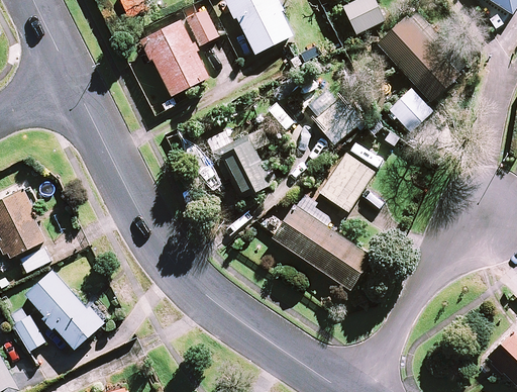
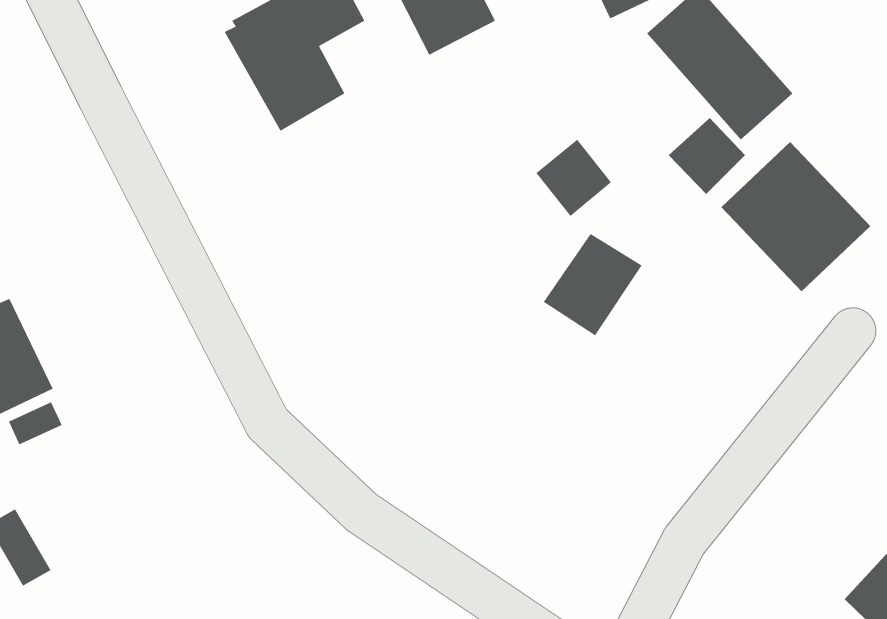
building: none -> [720,141,871,292]
building: [214,128,271,196] -> none
building: [273,205,371,288] -> none
building: [25,270,103,348] -> none

